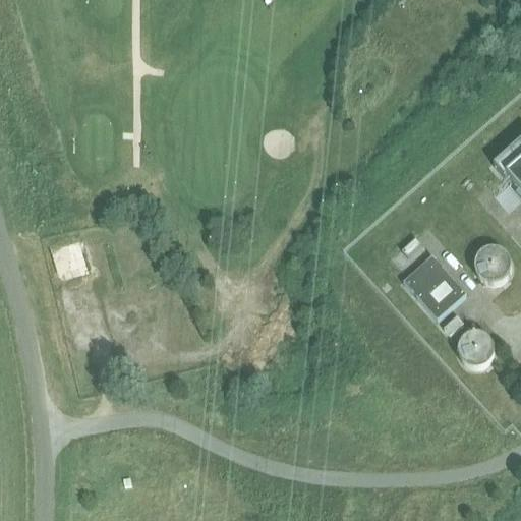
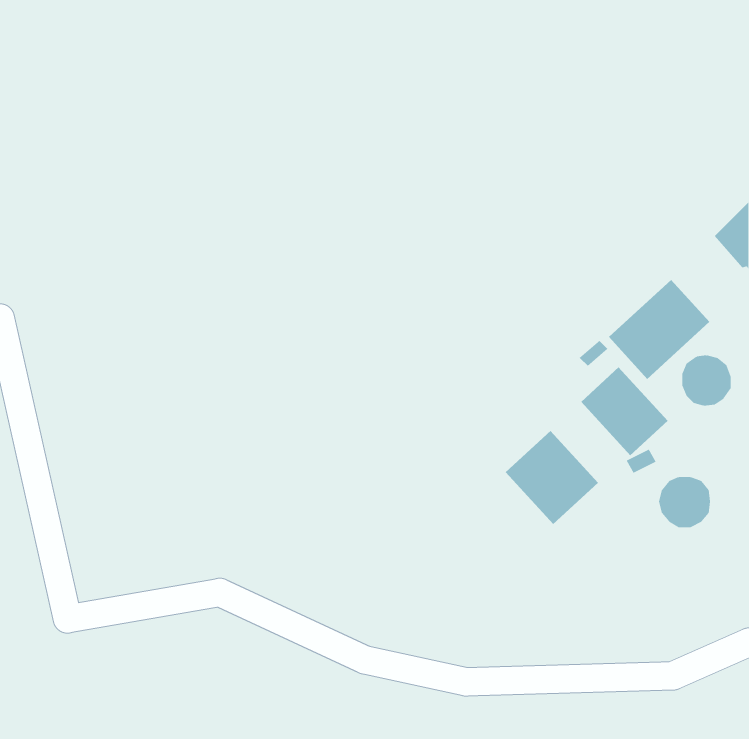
building: none -> [608,279,710,380]
building: none -> [505,430,599,525]

